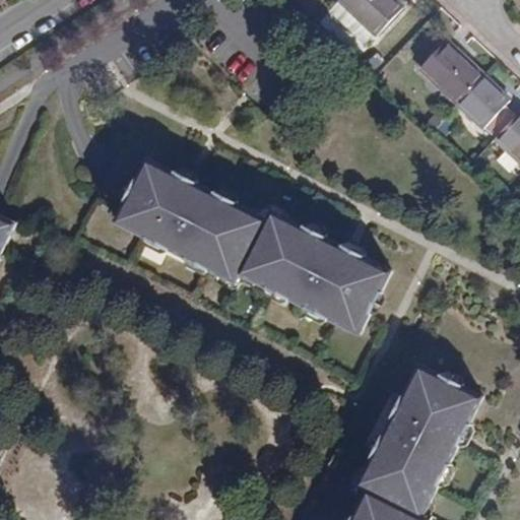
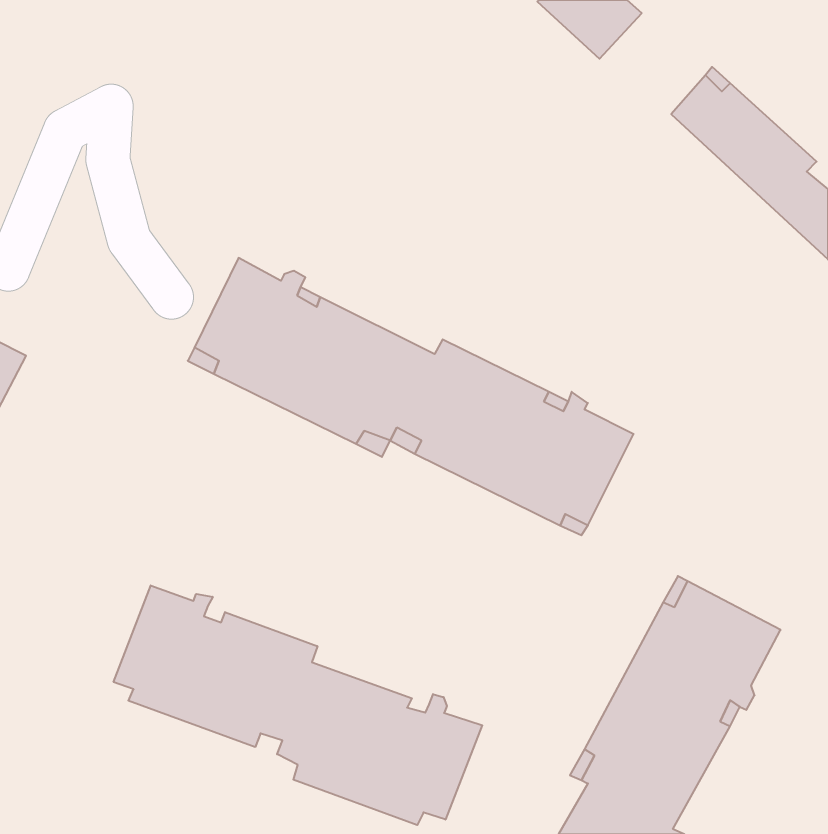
building: none -> [114,585,482,825]

